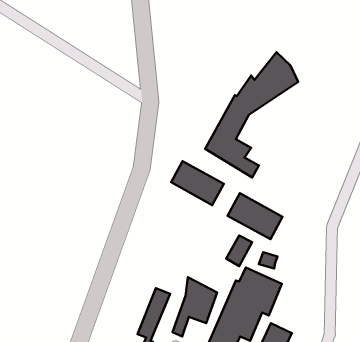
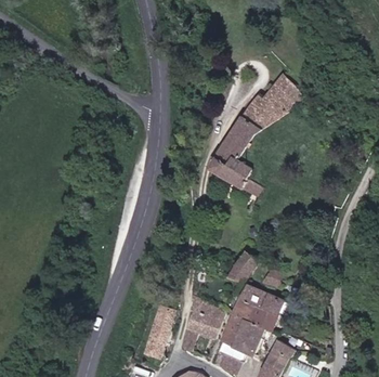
building: [171,161,224,205] -> none
building: [228,193,283,239] -> none

